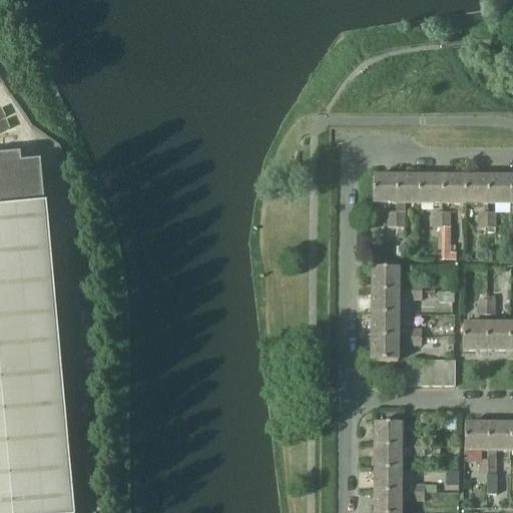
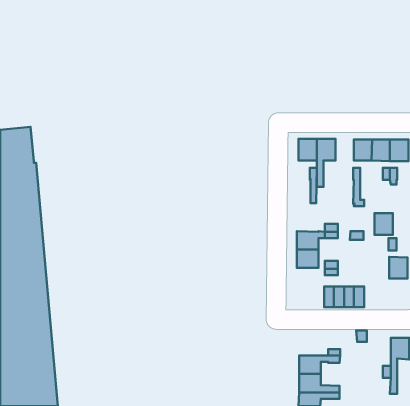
building: [419,173,442,200] -> none
building: [371,266,398,290] -> none
building: [463,321,486,348] -> [374,213,393,235]
building: [371,335,398,358] -> none
building: [374,421,401,444] -> none
building: [464,421,488,448] -> none

